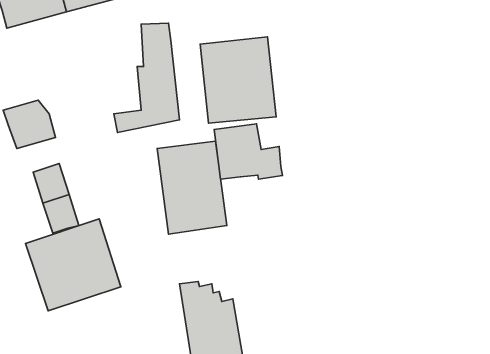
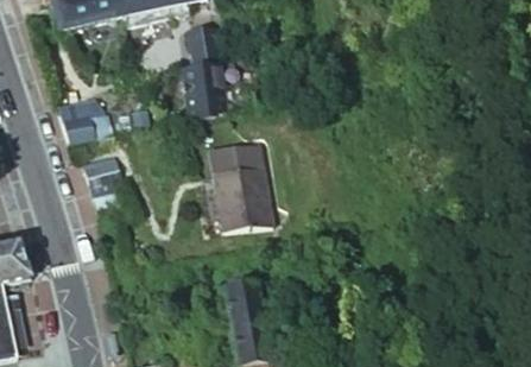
building: [200,37,276,123] -> none
building: [214,124,282,179] -> none
building: [26,219,121,311] -> none

